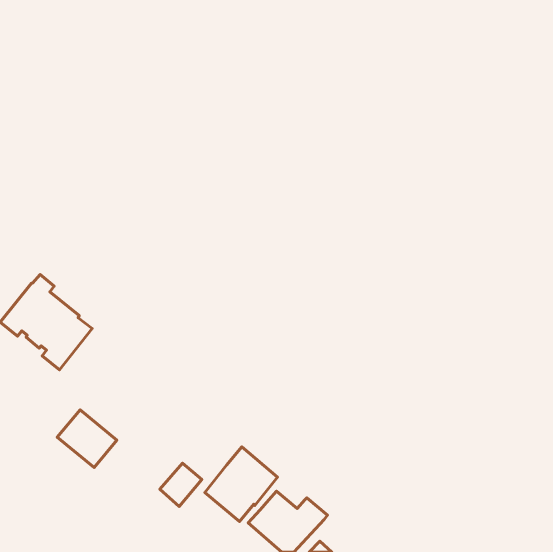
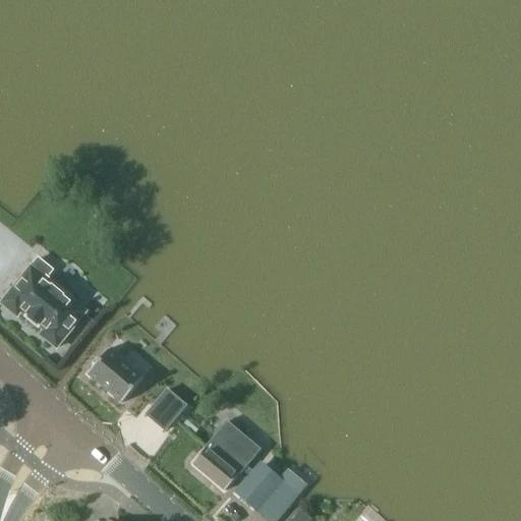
building: [57,410,117,467] -> [88,348,143,402]
building: [160,463,202,506] -> [147,389,186,429]

